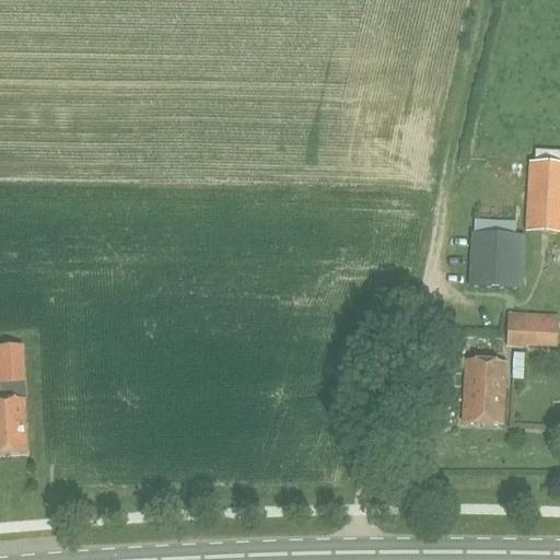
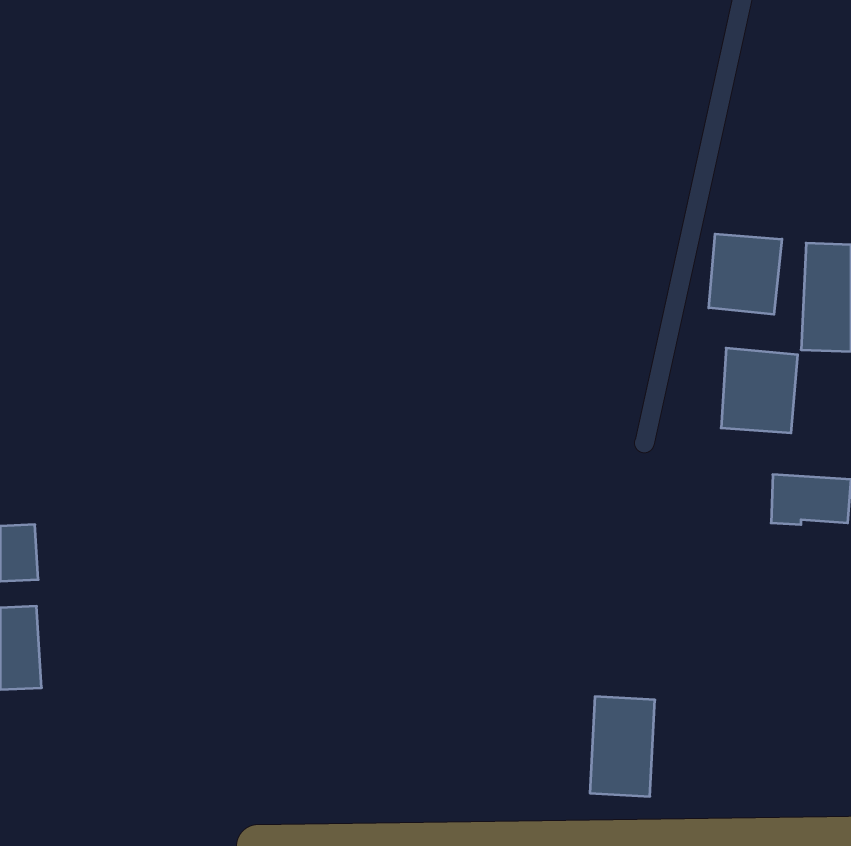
building: none -> [709,234,782,314]
building: [463,358,505,423] -> [590,697,655,796]

